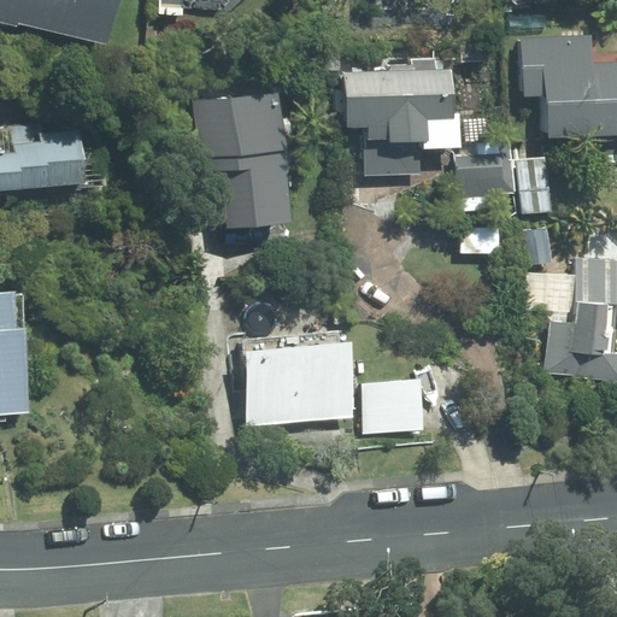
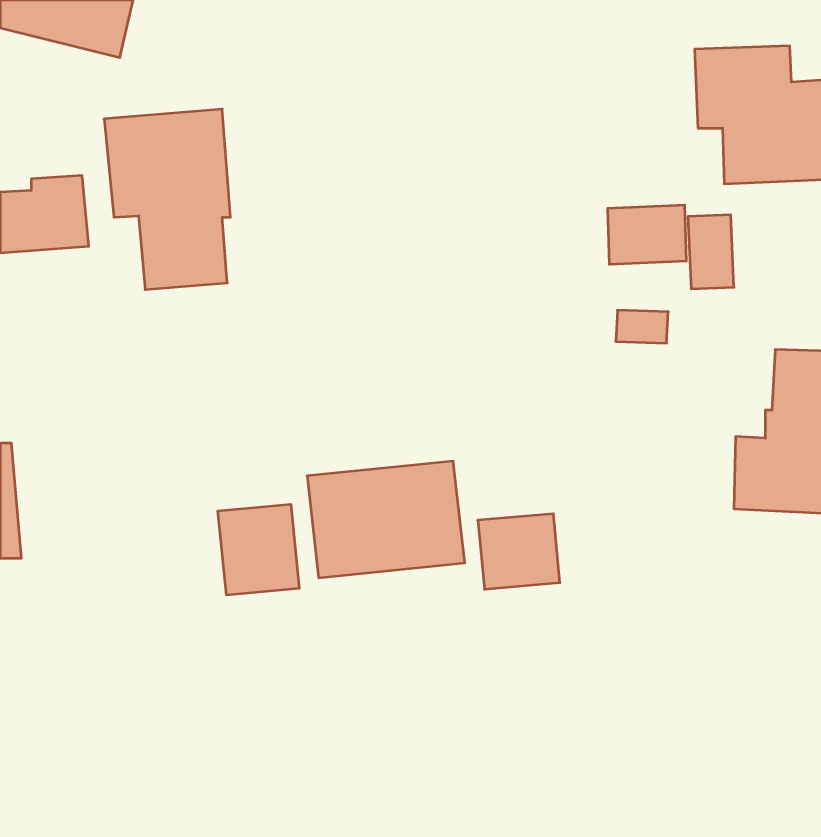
building: [345,67,454,177] -> none
building: [194,92,287,224] -> [104,109,230,290]
building: none -> [218,504,299,595]

